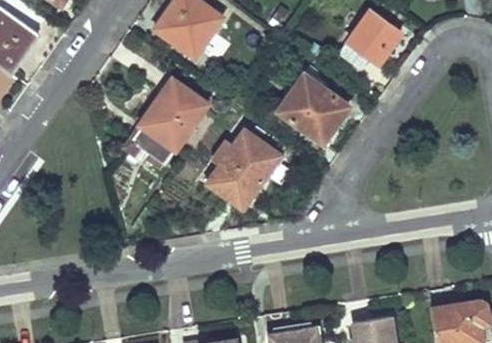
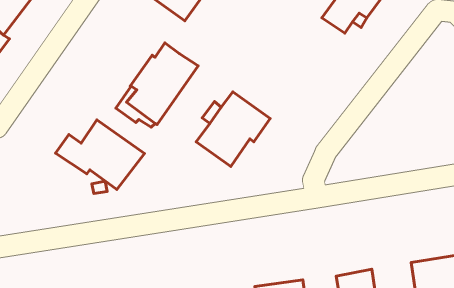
building: [278,73,350,140] -> none
building: none -> [55,120,144,190]

